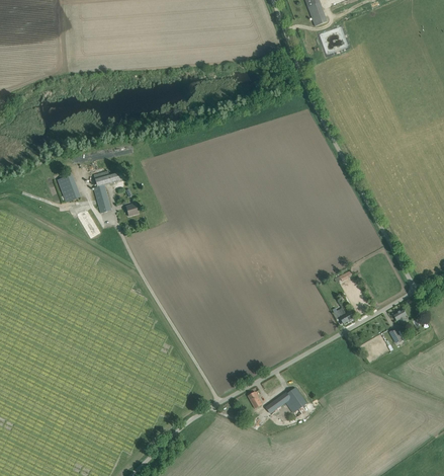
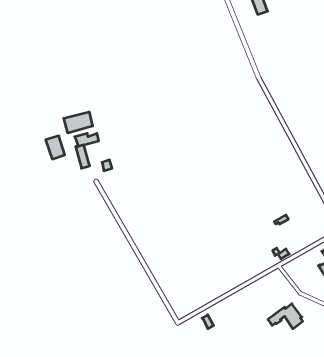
building: none -> [64,112,93,133]
building: [266,387,308,417] -> [268,304,303,329]

